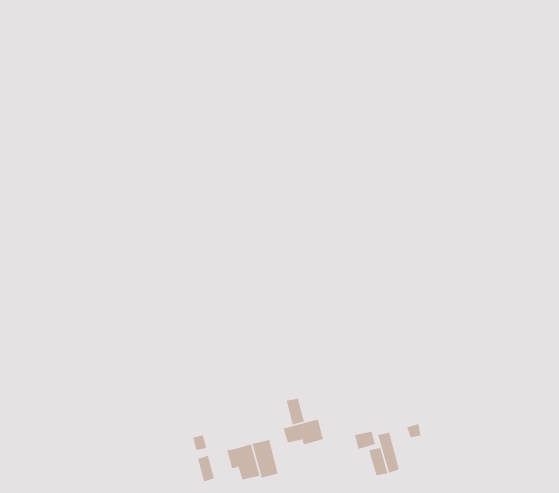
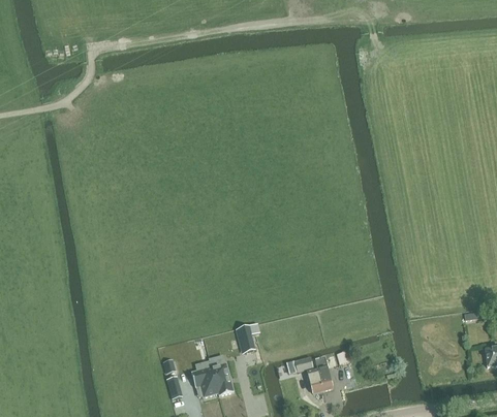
building: [282,419,325,445] -> none

